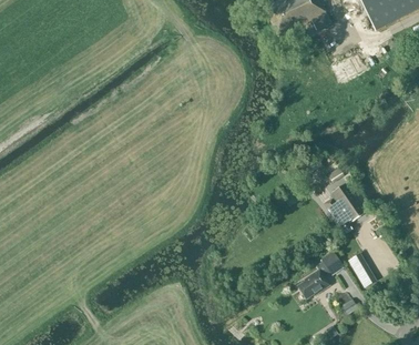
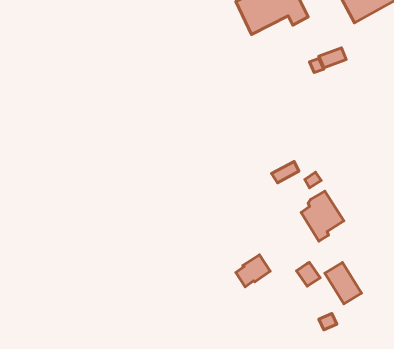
building: [297,268,329,298] -> [236,255,270,287]

